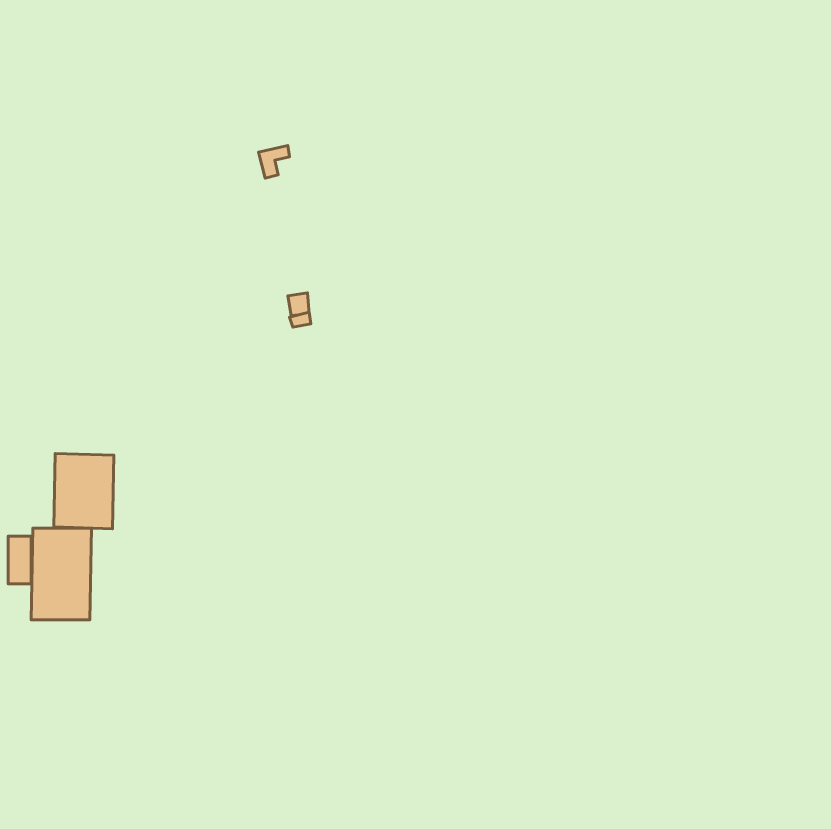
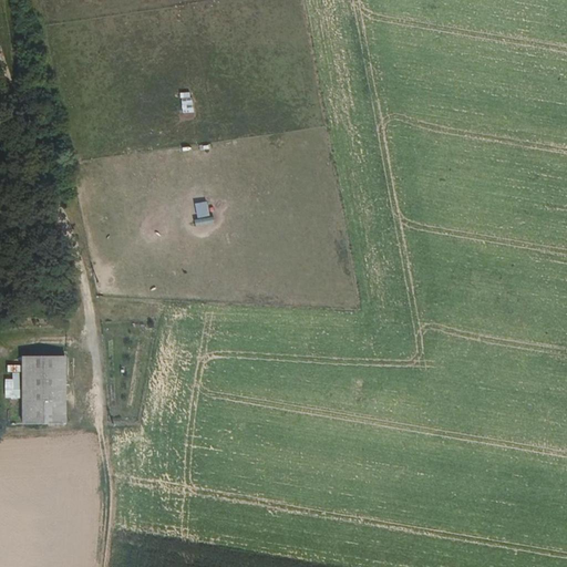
building: [54,453,114,529] -> none

